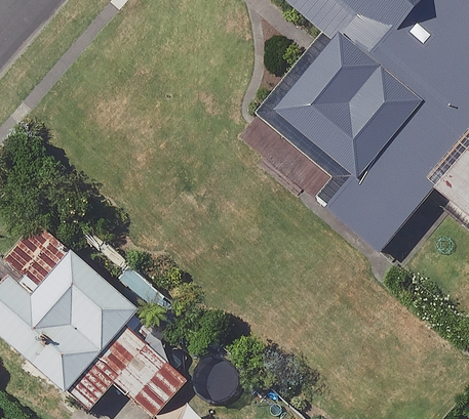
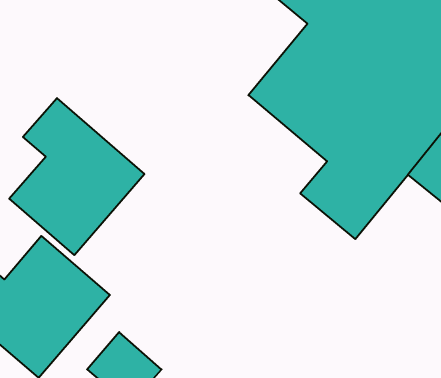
building: none -> [9,98,144,255]

